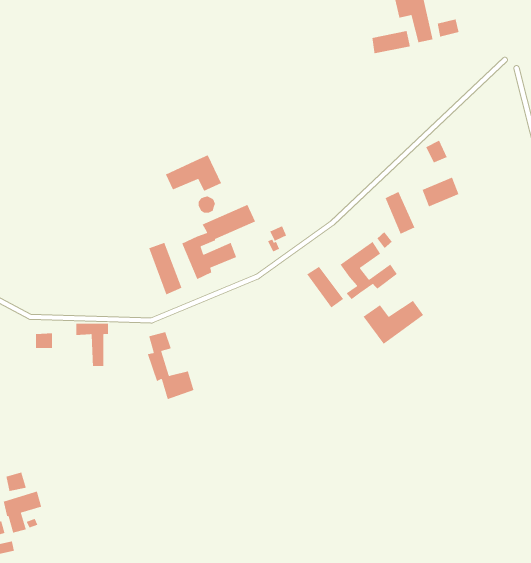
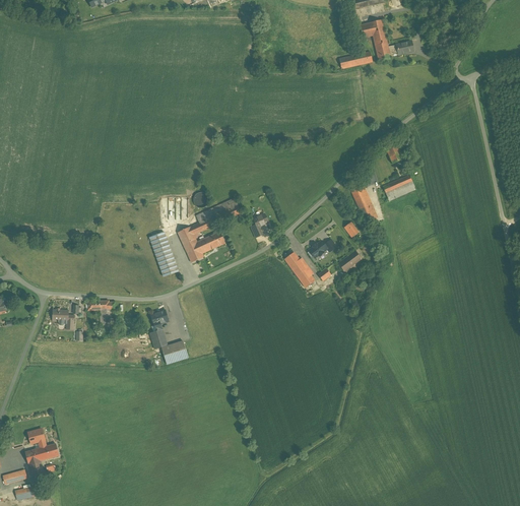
building: [165,154,222,192] -> none
building: [363,300,424,345] -> none

